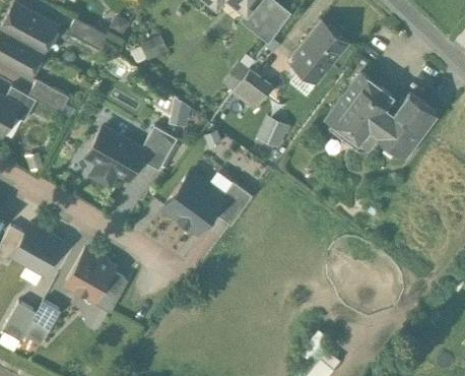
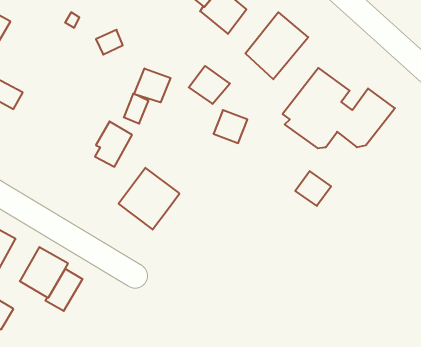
building: [67,19,107,51] -> none
building: none -> [134,68,171,102]
building: [86,127,145,185] -> none
building: none -> [295,171,331,206]
building: [212,182,248,223] -> none

